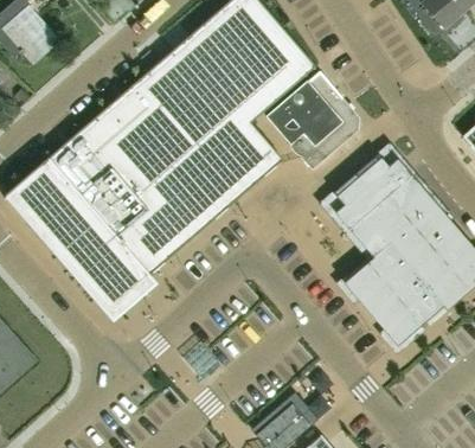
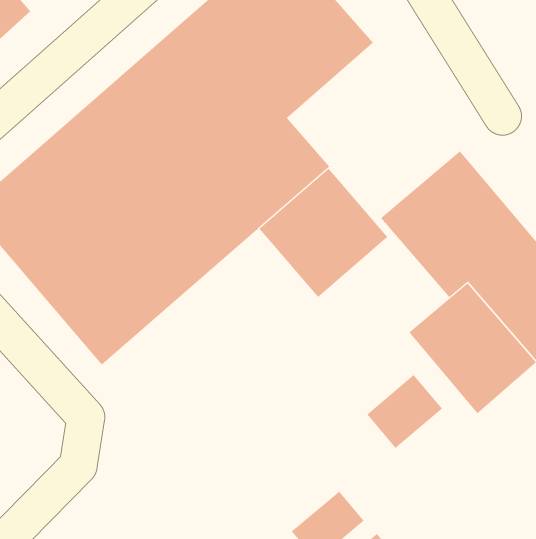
building: [267,70,365,168] -> [258,168,388,298]
building: none -> [366,374,443,449]

